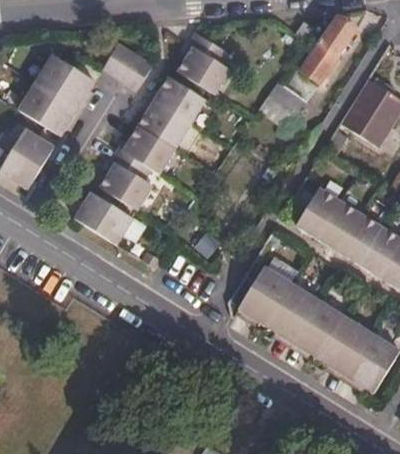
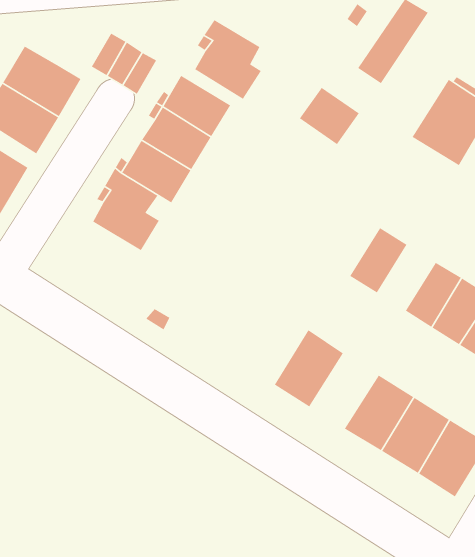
building: [76,191,134,244] -> none
building: [318,203,362,253] -> none
building: [267,285,319,342] -> none

